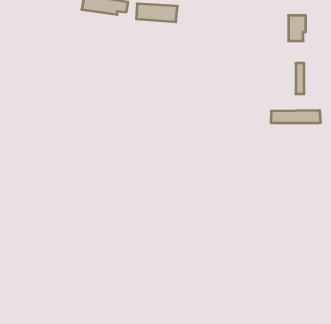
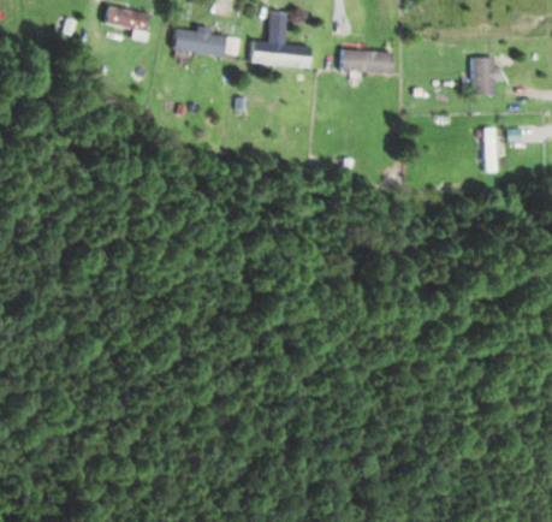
building: none -> [342,49,392,73]
building: [271,110,320,123] -> none

